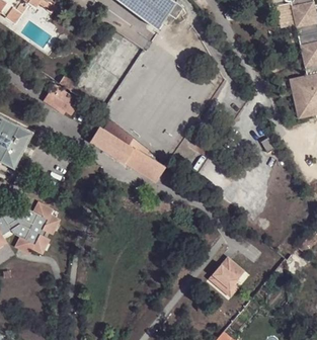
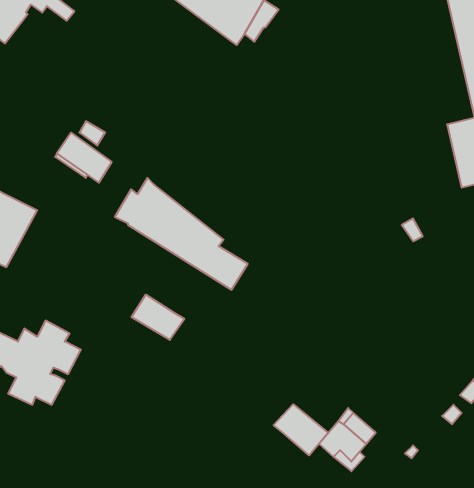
building: none -> [132,295,184,340]
building: none -> [274,404,328,455]

